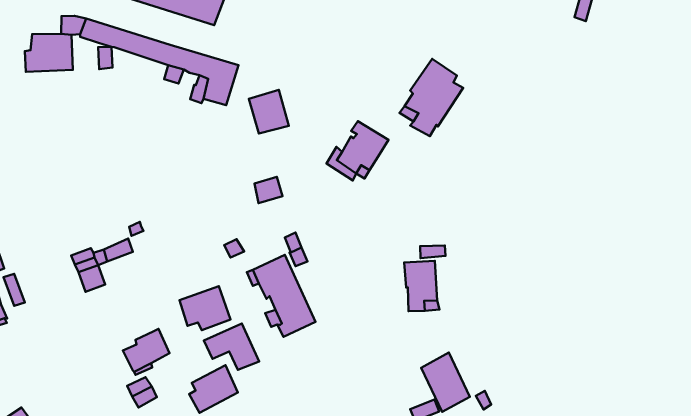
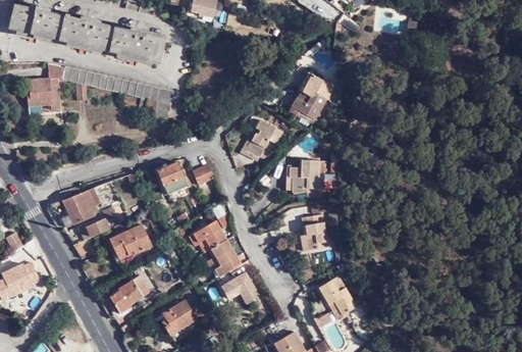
building: [249,90,289,133] -> [161,161,191,193]
building: none -> [288,159,320,194]
building: none -> [64,191,101,227]
building: [179,286,230,330] -> [114,224,151,256]
building: [204,323,259,370] -> [224,275,264,308]

